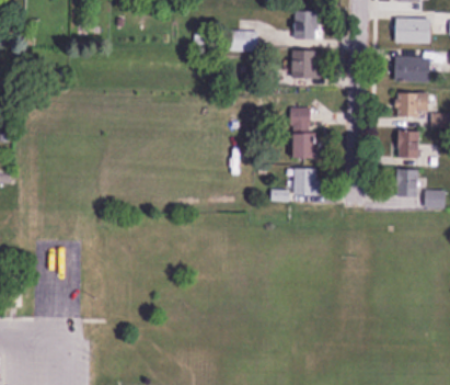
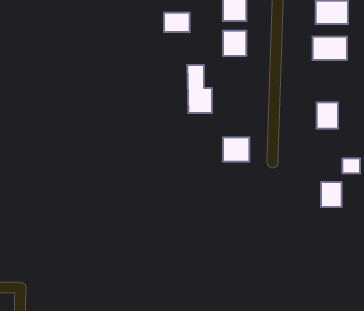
building: [395,91,428,114] -> none
building: [290,105,318,158] -> [187,65,212,113]
building: [395,169,418,196] -> [321,182,342,207]

